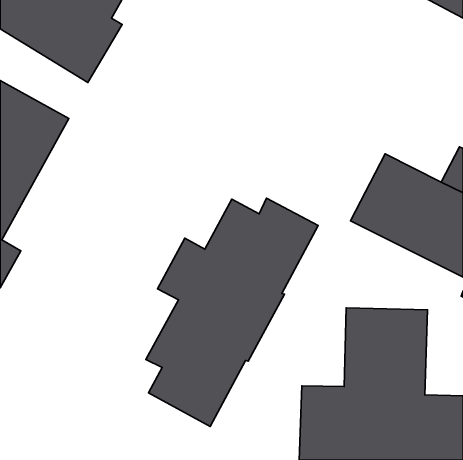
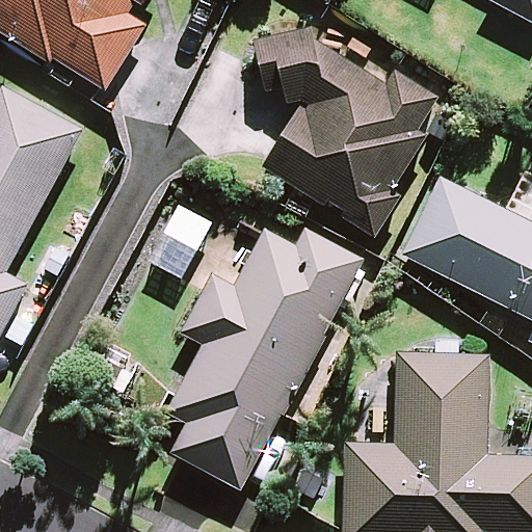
building: none -> [255,27,440,237]

